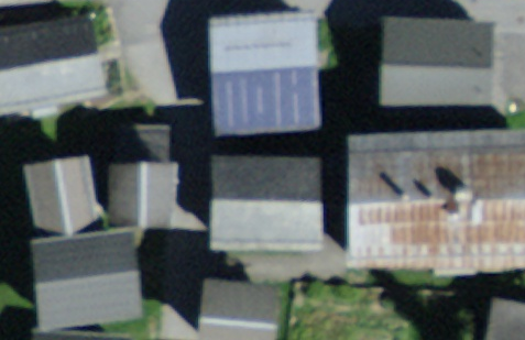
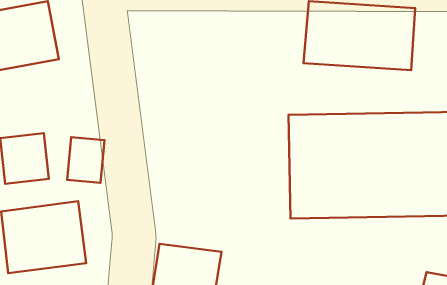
building: [212,29,309,118] -> none
building: [214,164,308,244] -> none

